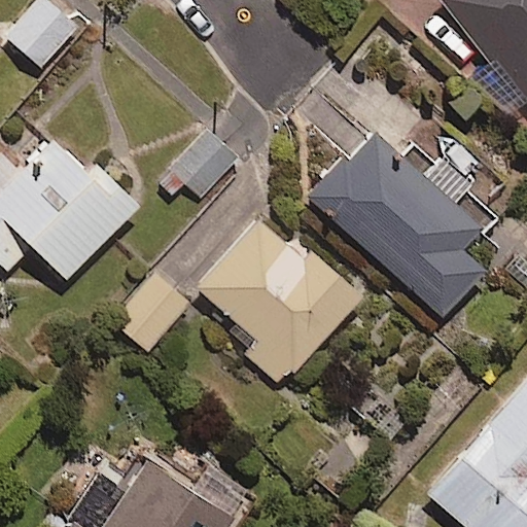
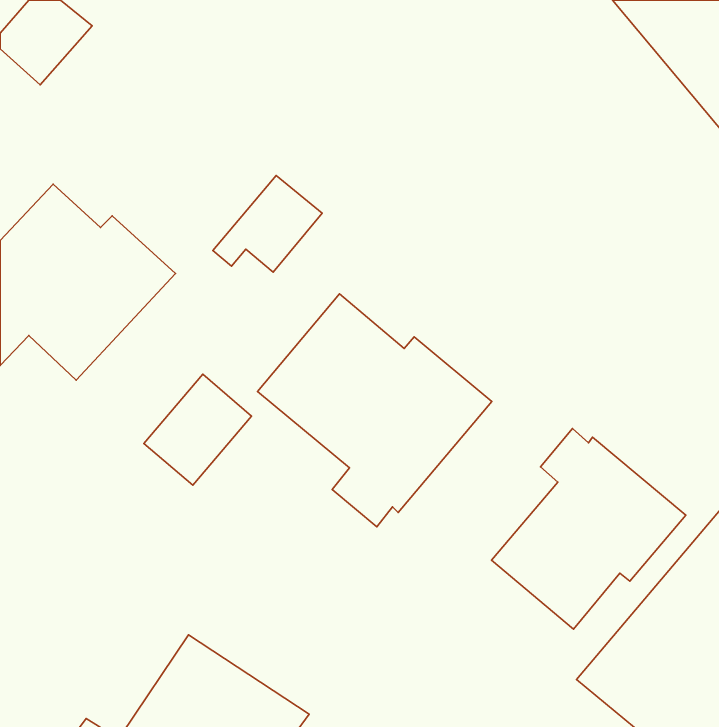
building: [305,131,485,316] -> none
building: none -> [491,429,686,629]

